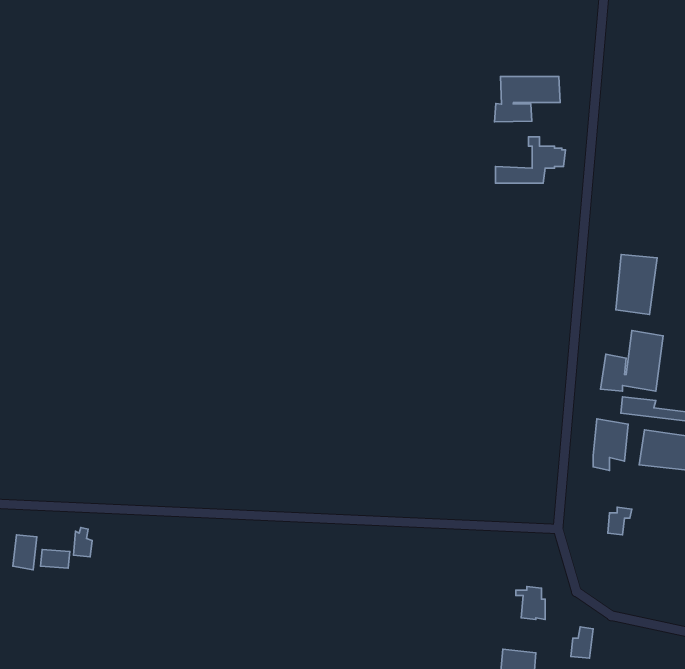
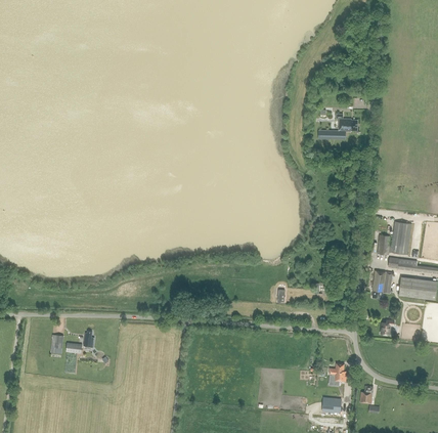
building: [495,76,560,122] -> none
building: [616,254,657,314] -> none

